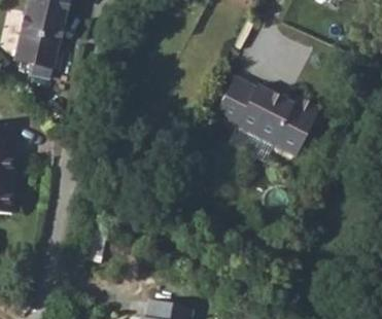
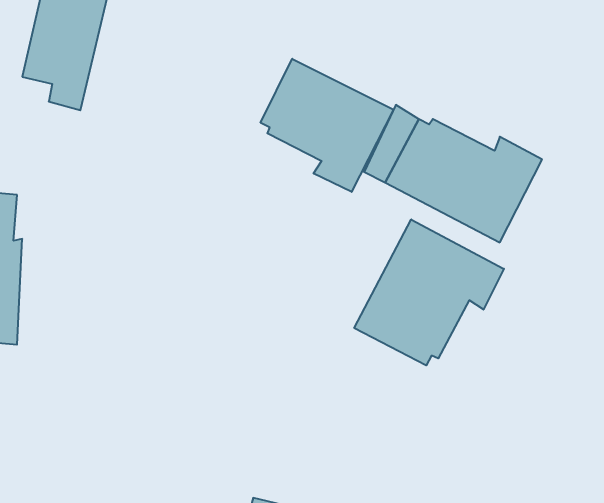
building: none -> [261,59,394,192]
building: none -> [354,219,504,365]

